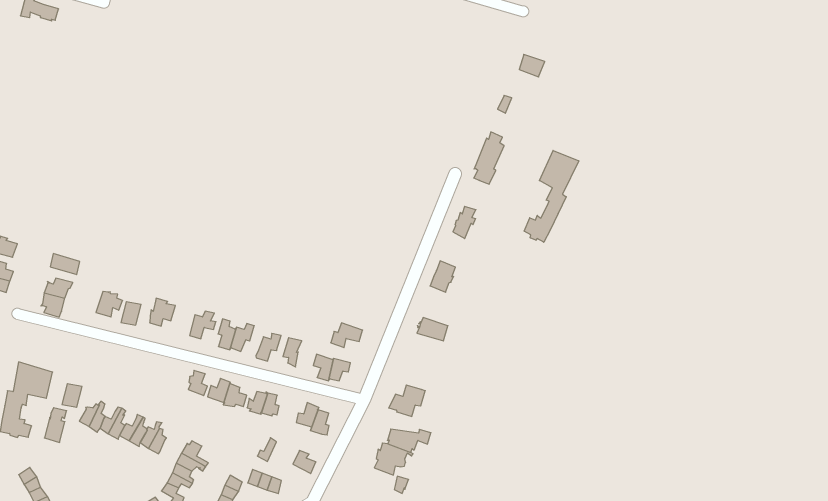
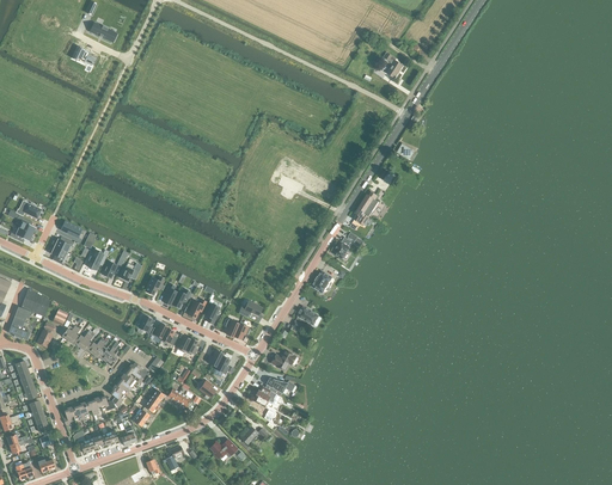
building: [524,150,579,242] -> none

